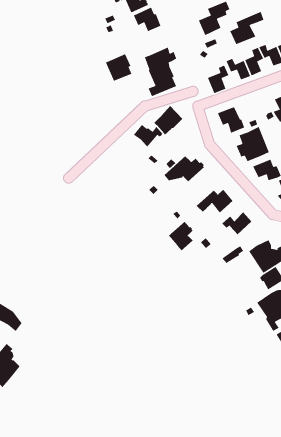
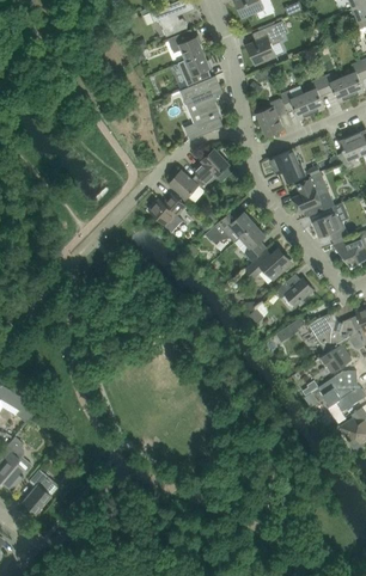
building: [229,11,264,45] -> none
building: [105,53,132,82] -> [177,53,211,87]
building: none -> [148,192,185,231]
building: [168,221,193,251] -> [234,223,266,261]
building: none -> [20,468,51,514]

